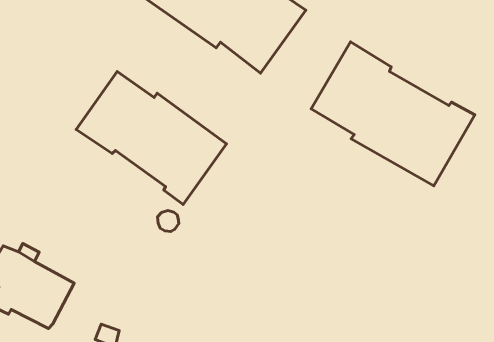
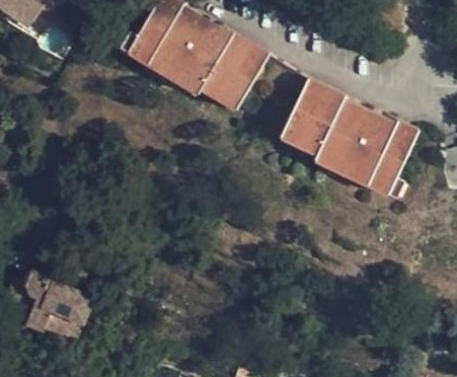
building: [76,71,226,205] -> none

